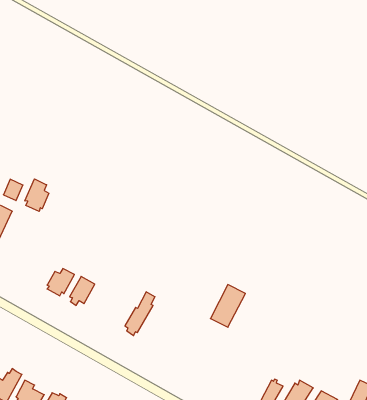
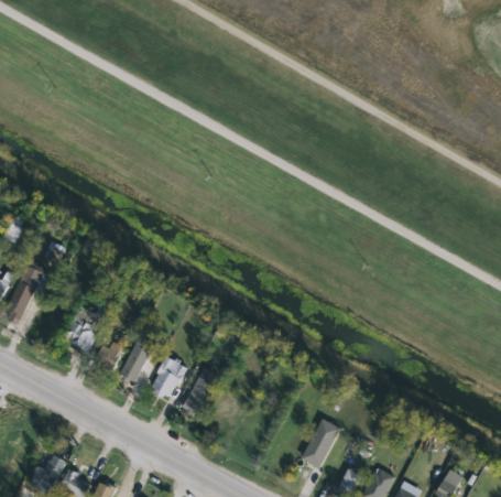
building: [25,179,49,211] -> none
building: none -> [63,314,90,348]
building: none -> [151,356,187,398]
building: [210,285,245,327] -> [299,415,339,464]

